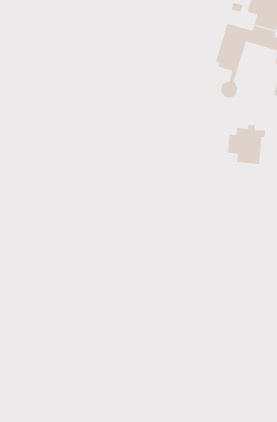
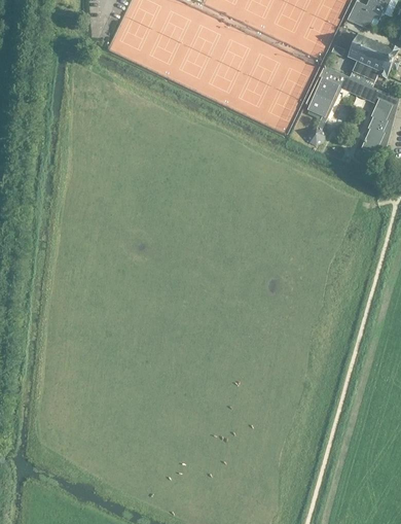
building: [228,124,266,165] -> none

